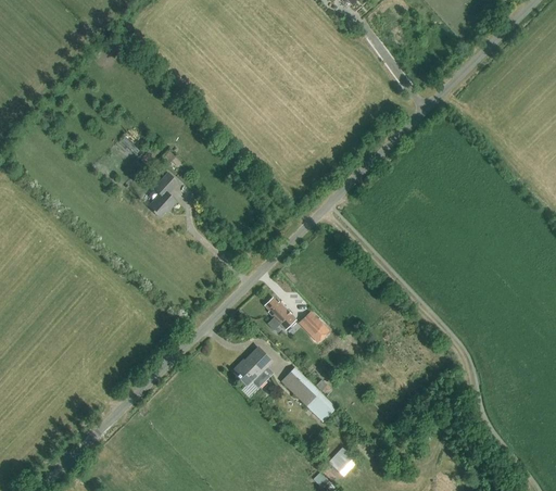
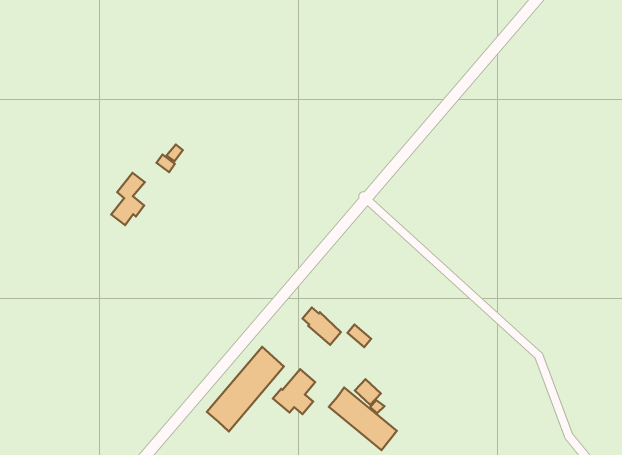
building: [148,173,178,216] -> [111,173,145,225]
building: none -> [207,347,284,432]

